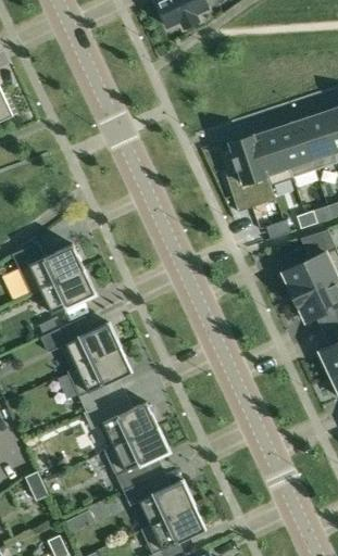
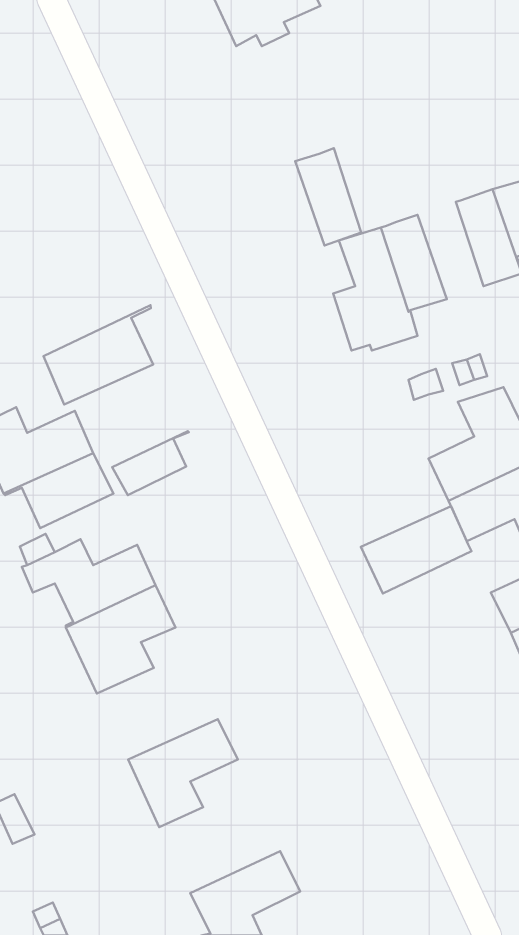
building: [276,121,315,178] -> [295,148,361,245]
building: none -> [44,305,153,405]
building: none -> [112,431,189,495]
building: none -> [361,506,471,593]
building: [85,396,158,451] -> none
building: [123,479,195,530] -> none

